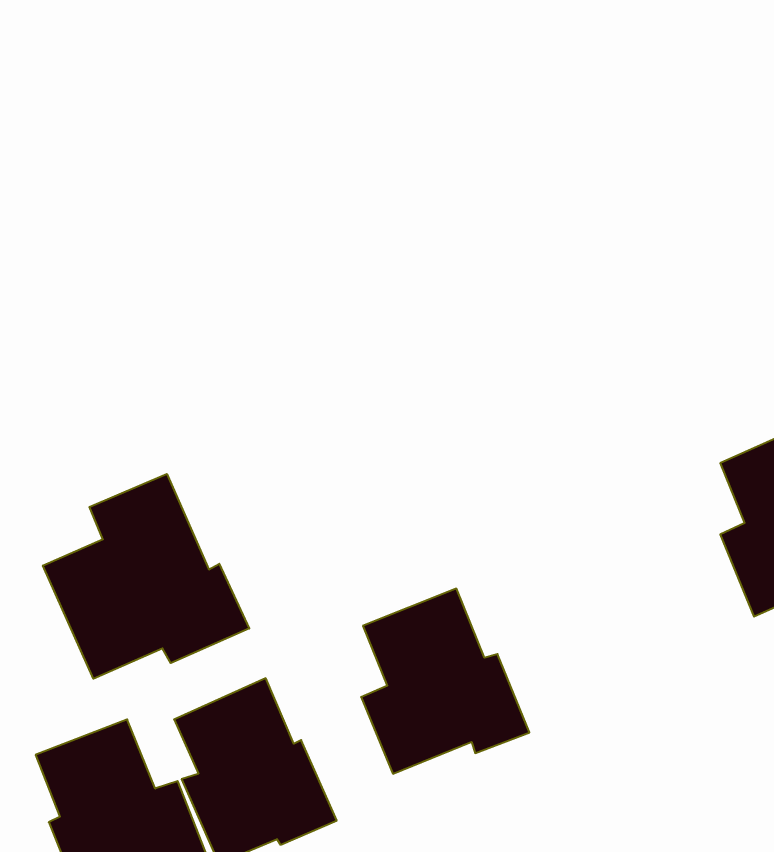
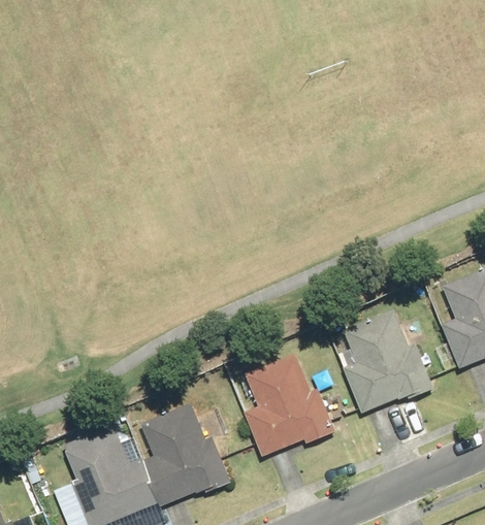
building: [43,474,249,679] -> none
building: none -> [342,303,432,416]

